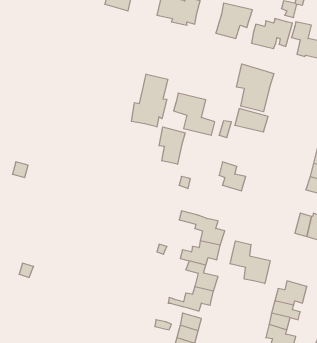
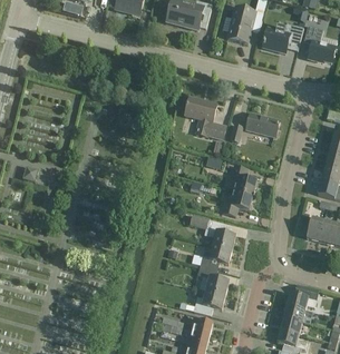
building: [237,64,274,112] -> none
building: [131,74,168,127] -> none
building: [159,127,185,164] -> none
building: none -> [222,189,253,216]
building: [230,241,270,284] -> none

